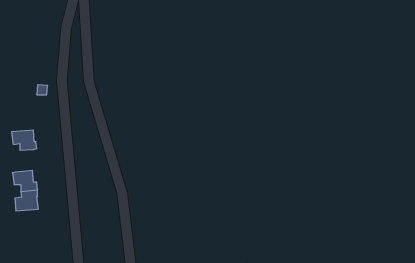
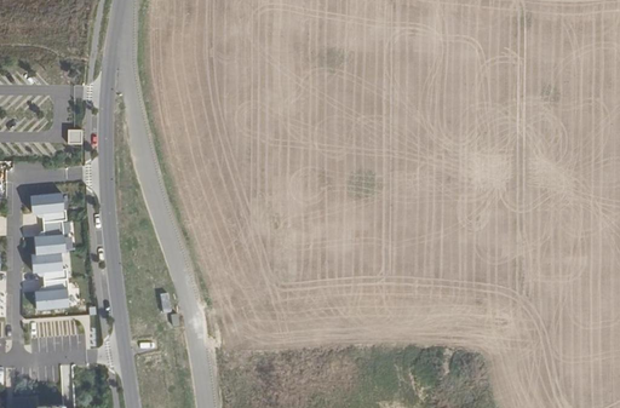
building: none -> [35,223,64,255]

